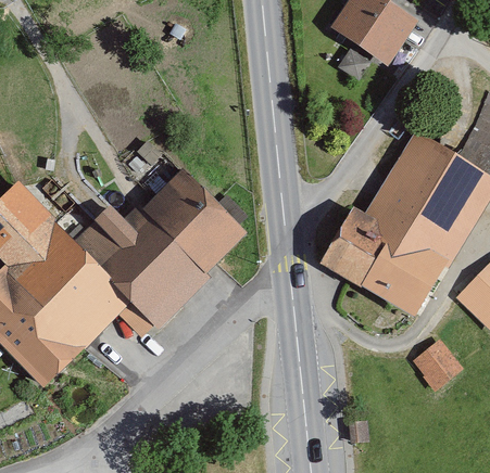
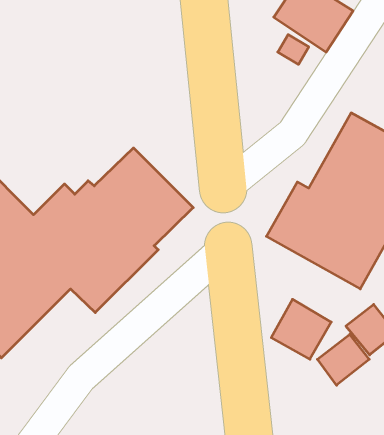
building: none -> [271,299,331,359]
building: none -> [317,334,369,385]

